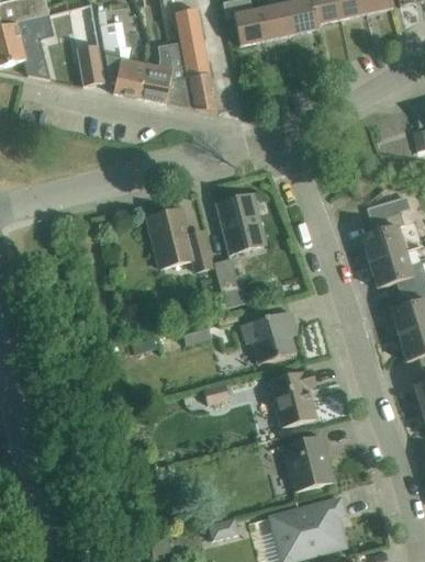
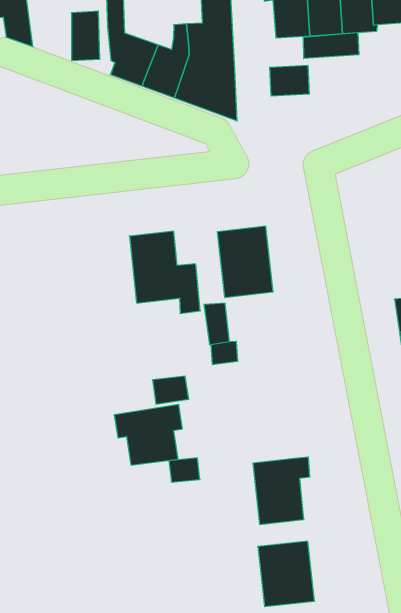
building: none -> [303,32,359,59]
building: none -> [270,65,309,96]
building: [241,310,295,362] -> [114,405,182,465]

